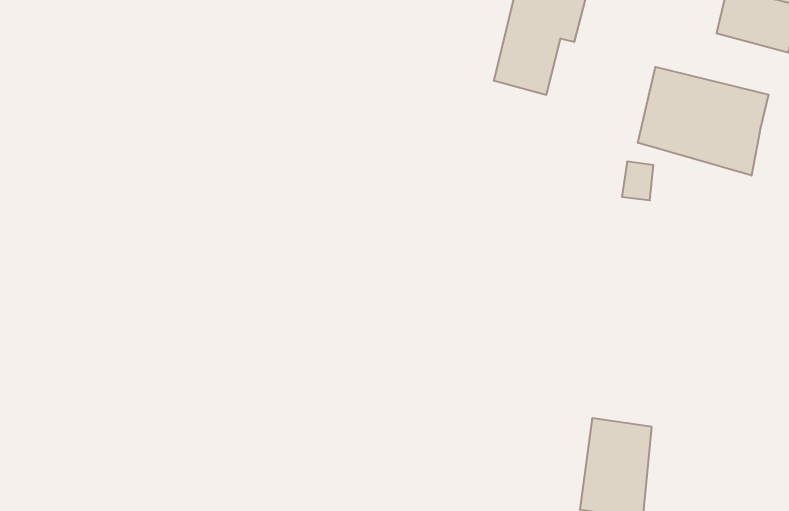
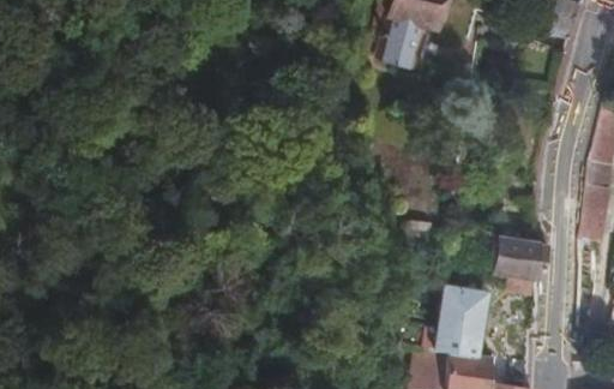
building: [638,67,769,176] -> none
building: none -> [493,235,550,280]

